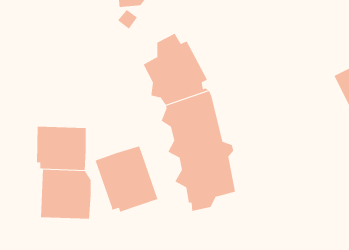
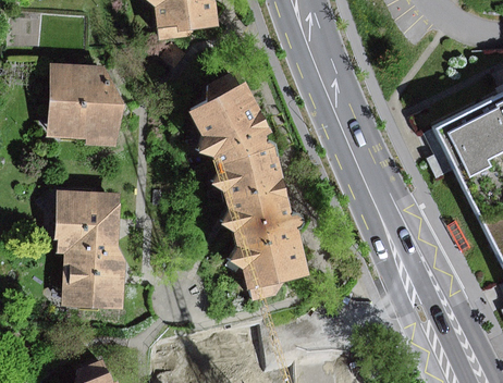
building: none -> [48,63,126,145]
building: [95,145,158,212] -> none

